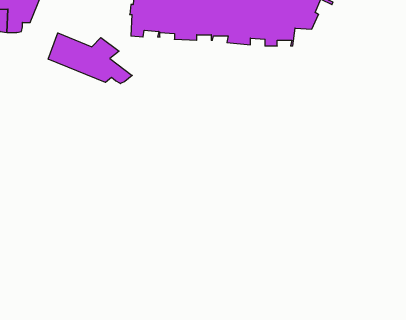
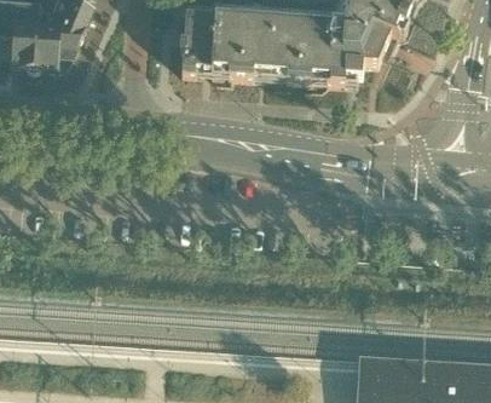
building: [48,33,132,84] -> none

